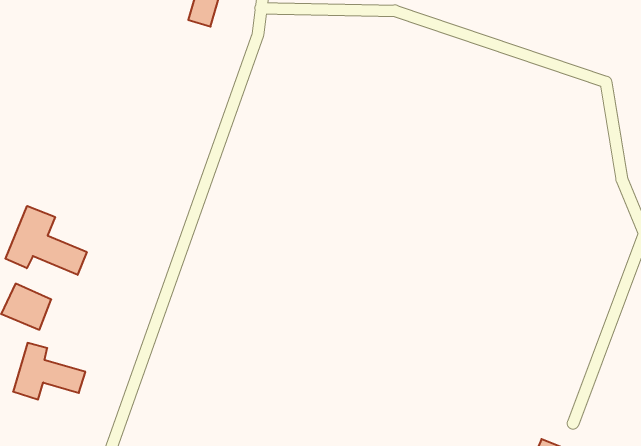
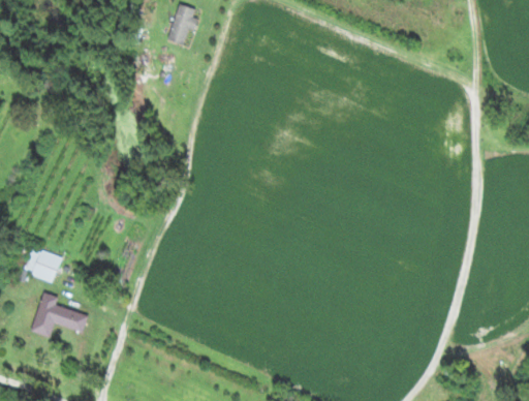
building: [5,206,87,275] -> none

